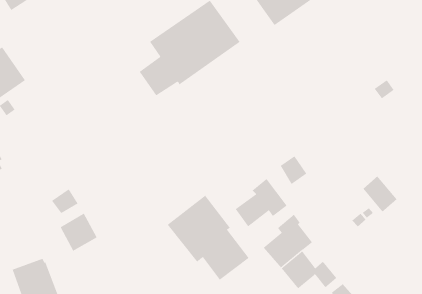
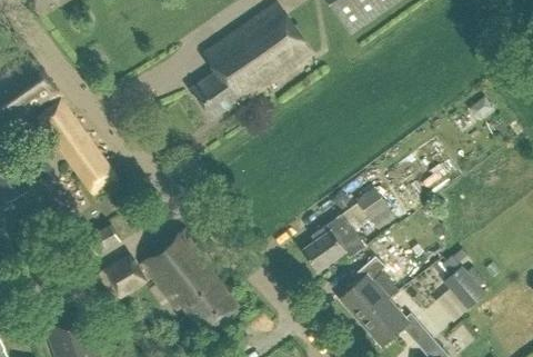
building: none -> [38,99,118,194]
building: [363,176,397,212] -> [445,267,486,310]
building: [167,195,250,280] -> [139,230,237,331]

